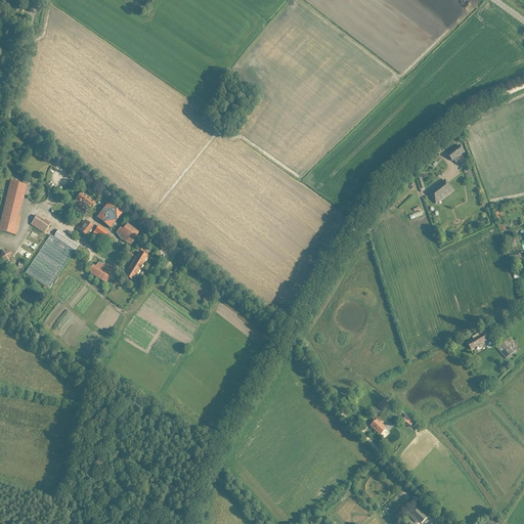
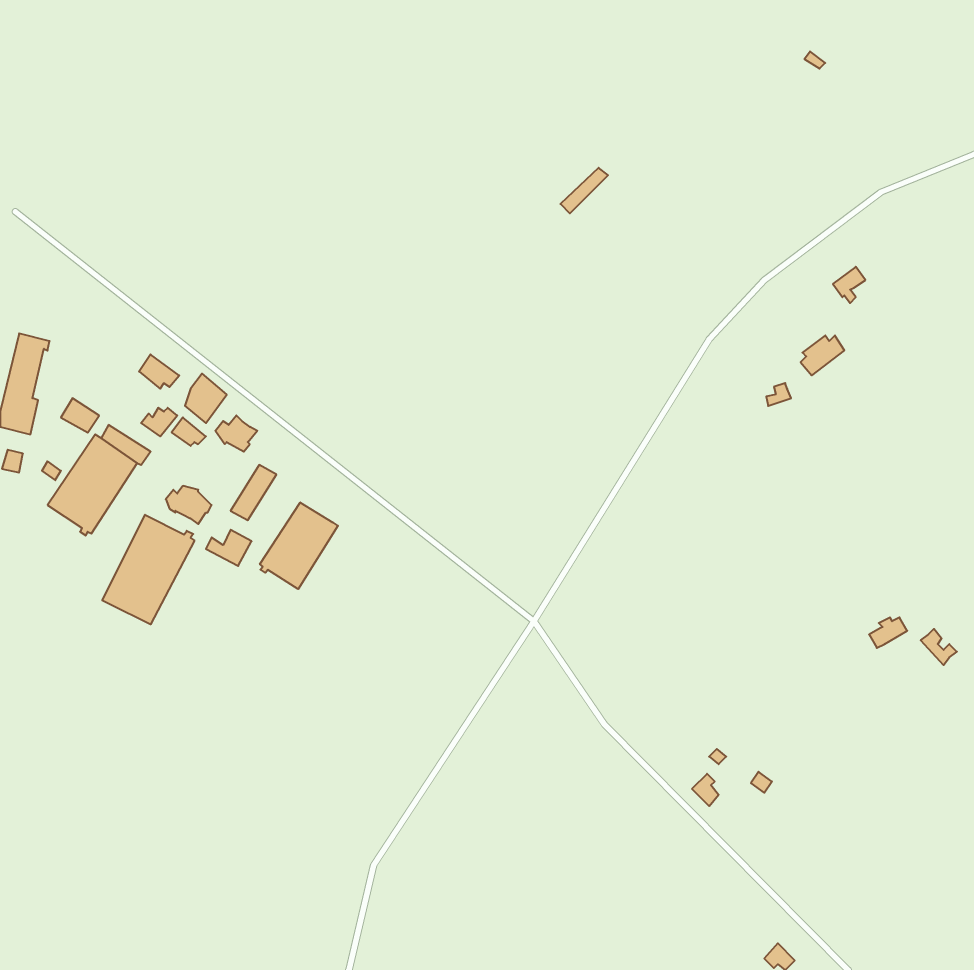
building: none -> [260,502,338,589]
building: none -> [102,515,194,624]

